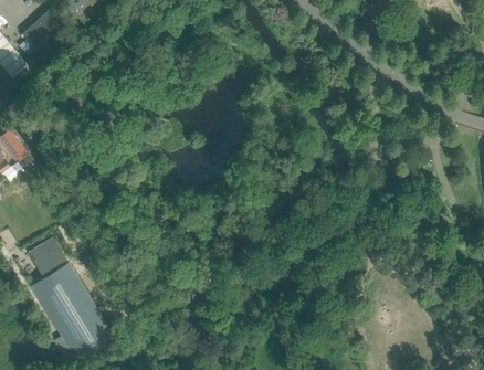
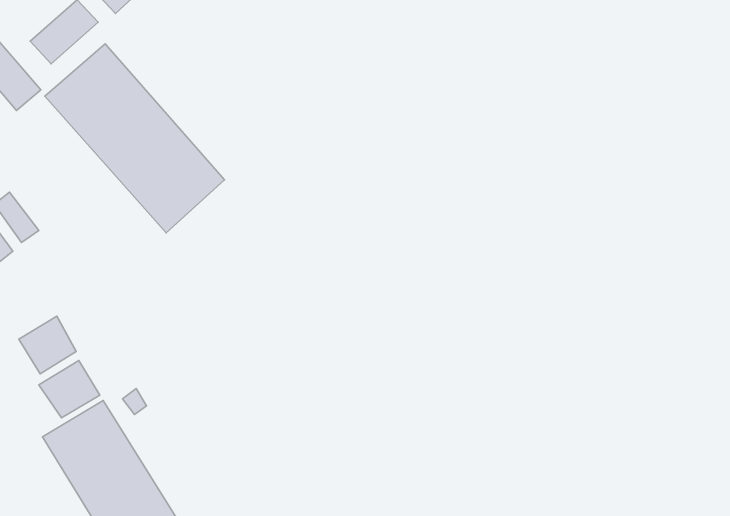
building: none -> [45,44,224,233]
building: none -> [19,316,76,374]

